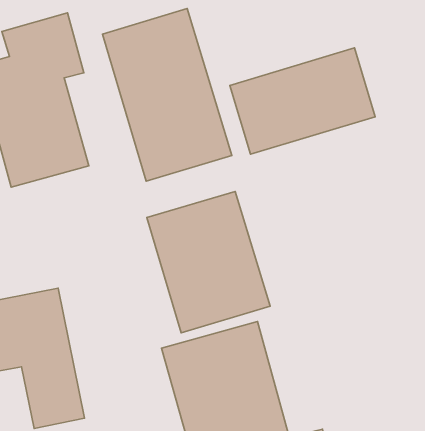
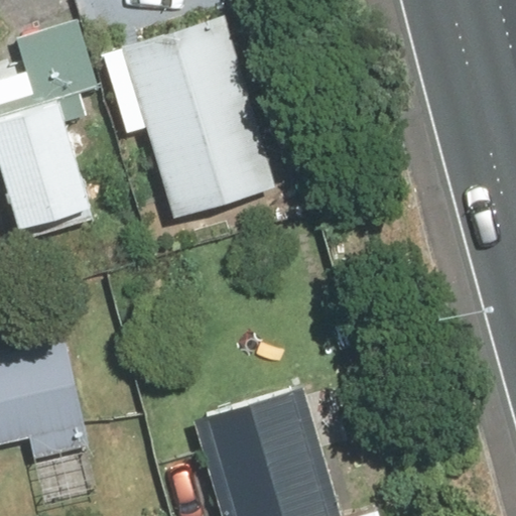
building: [230,48,375,154] -> none
building: [147,191,270,333] -> none

